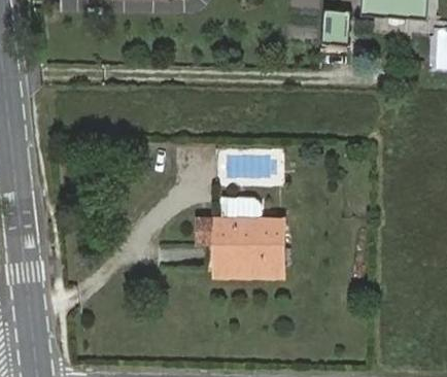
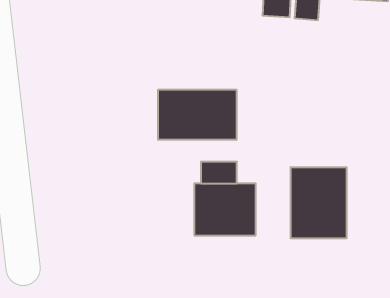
building: none -> [158,90,236,140]
building: none -> [291,167,346,238]

